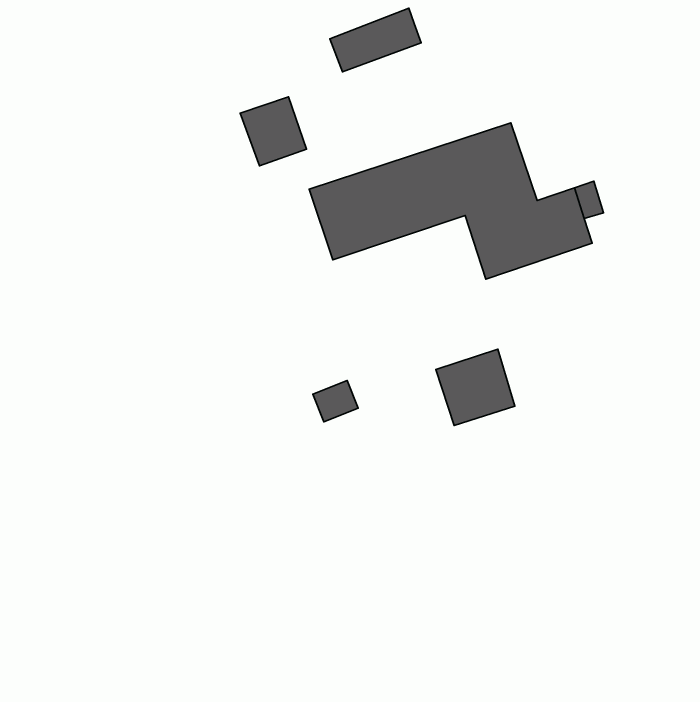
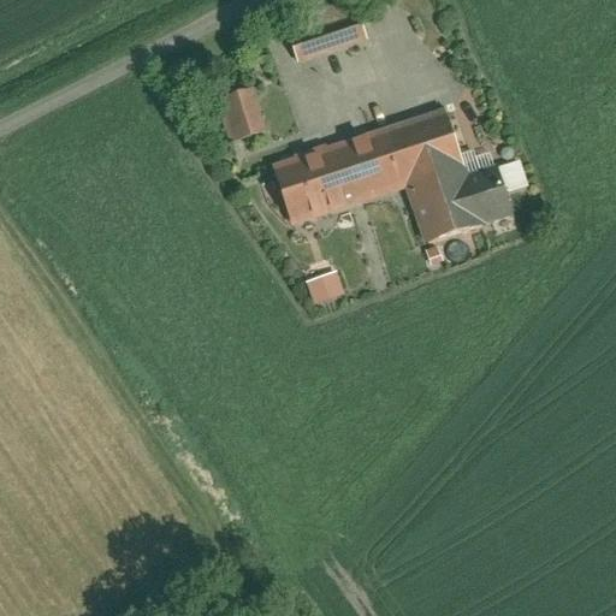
building: [436,349,515,426] -> none
building: [313,380,358,422] -> [304,268,344,304]

